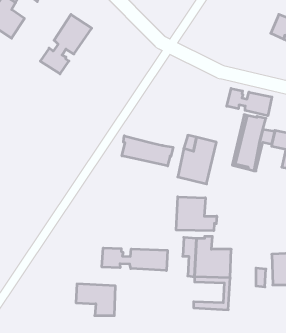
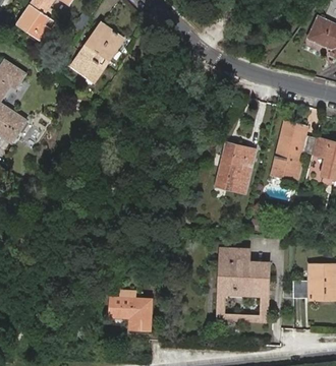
building: [227,88,272,116] -> none
building: [122,136,173,166] -> none
building: [176,197,217,231] -> none
building: [102,248,167,271] -> none

